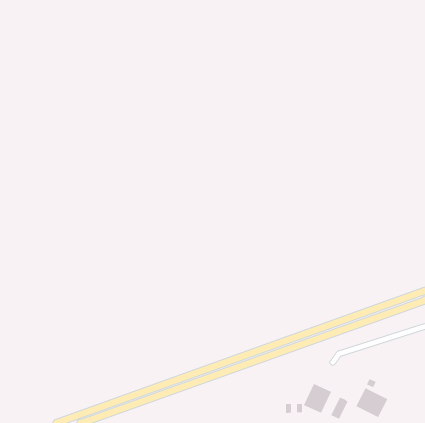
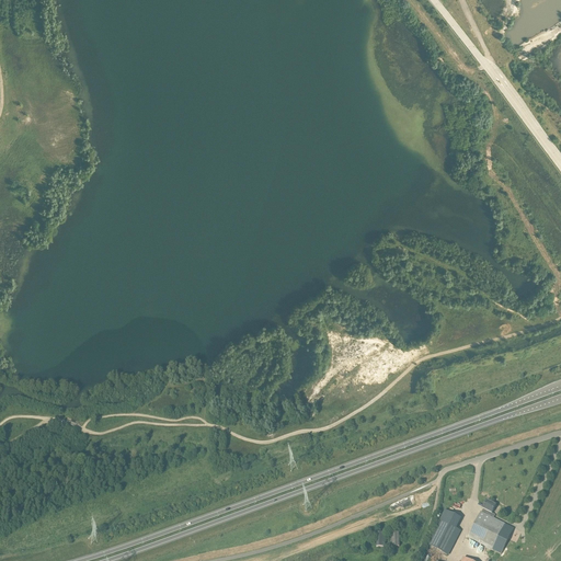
building: [303,383,332,414] -> none

